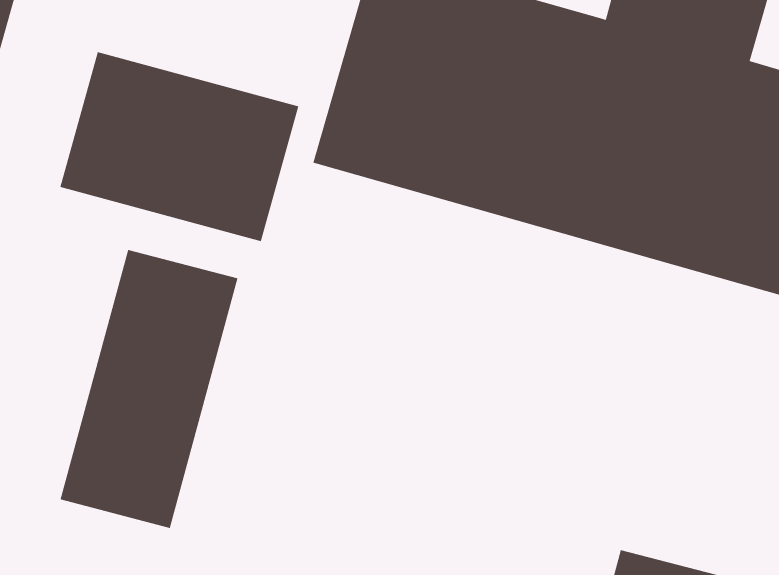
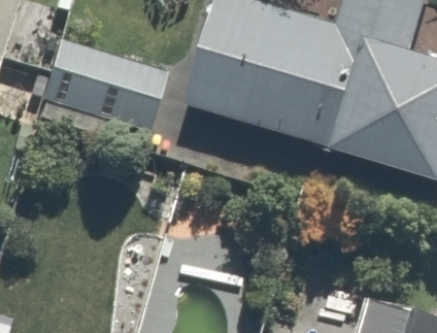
building: [60,249,238,529] -> none

